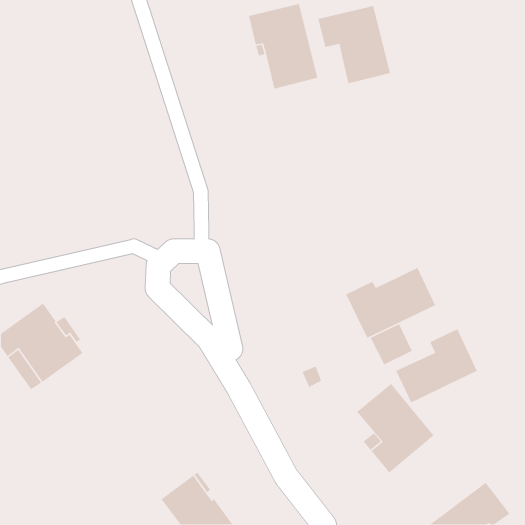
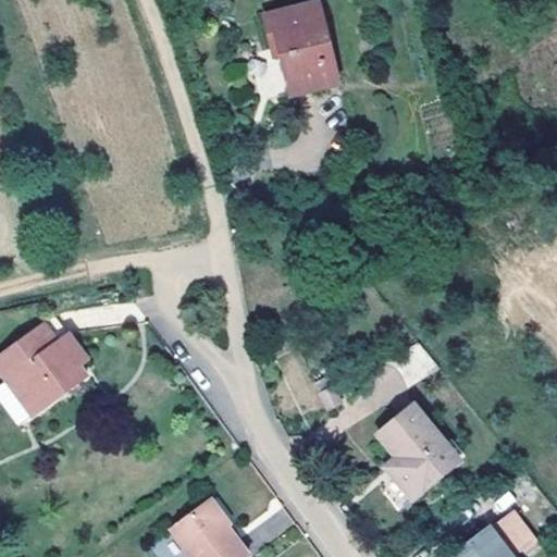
building: [318,5,391,84] -> none
building: [345,267,436,339] -> none
building: [395,328,478,403] -> none

